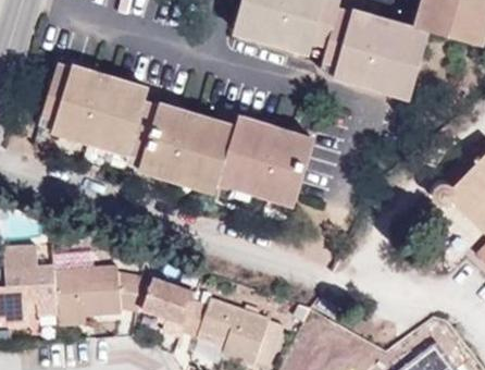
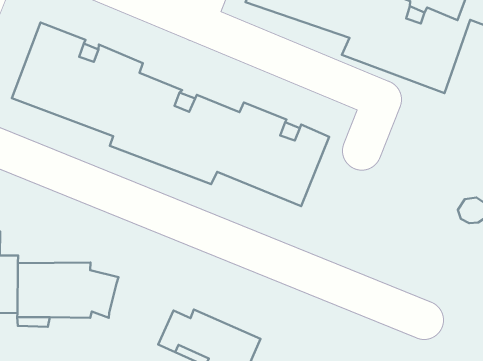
building: [136,276,195,337] -> none

